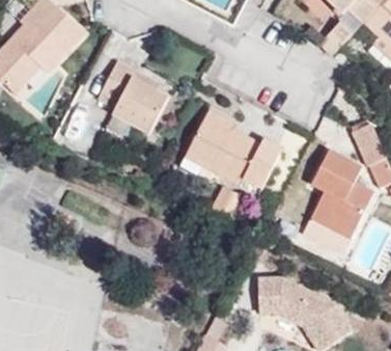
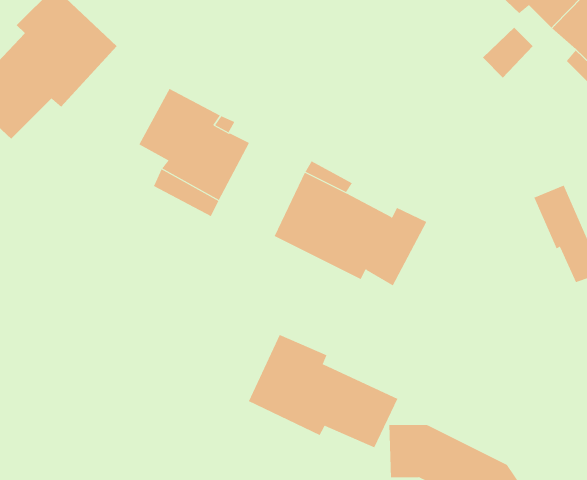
building: [305,150,374,247] -> none
building: none -> [248,334,398,448]

